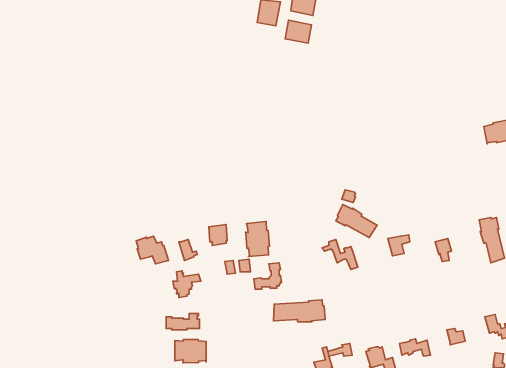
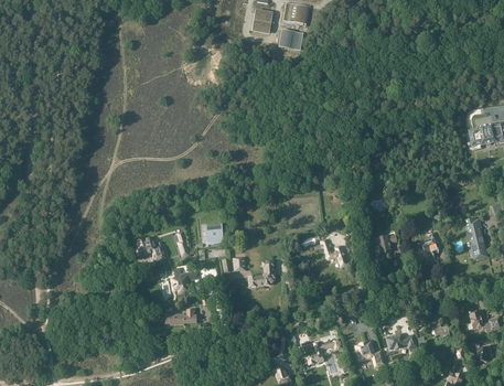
building: [336,205,377,238] -> none
building: [245,222,269,257] -> none
building: [273,300,325,322] -> none
building: [175,340,206,363] -> none

